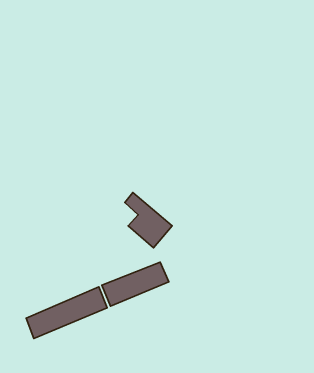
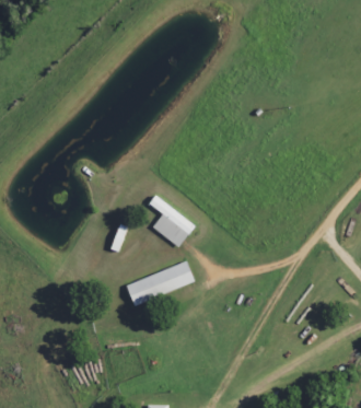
building: [26,287,107,338] -> none

